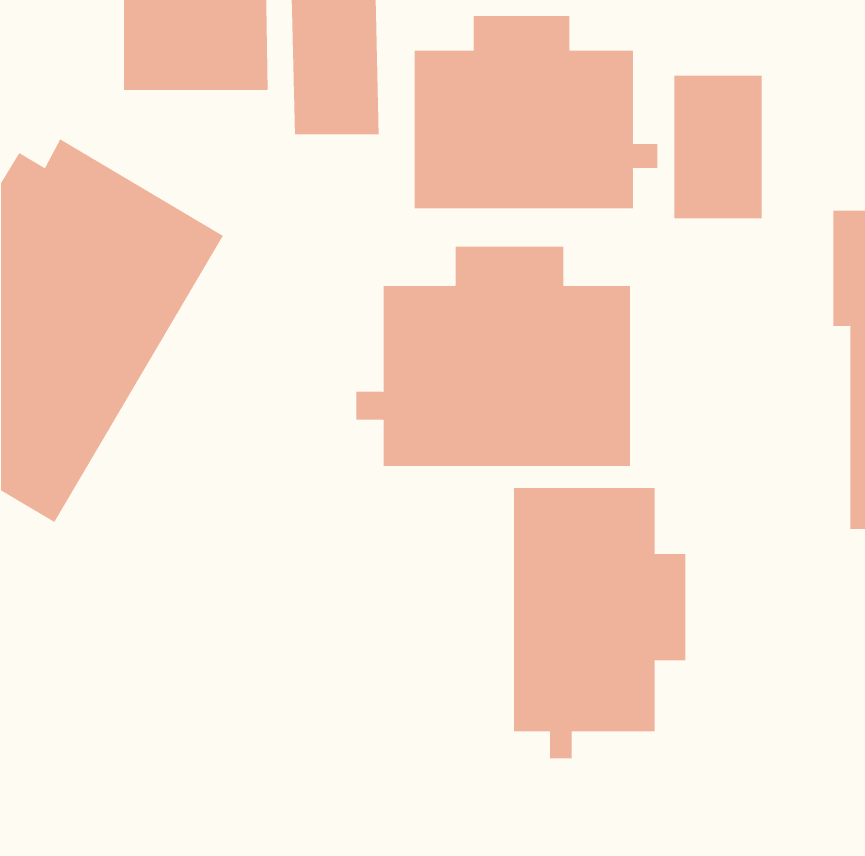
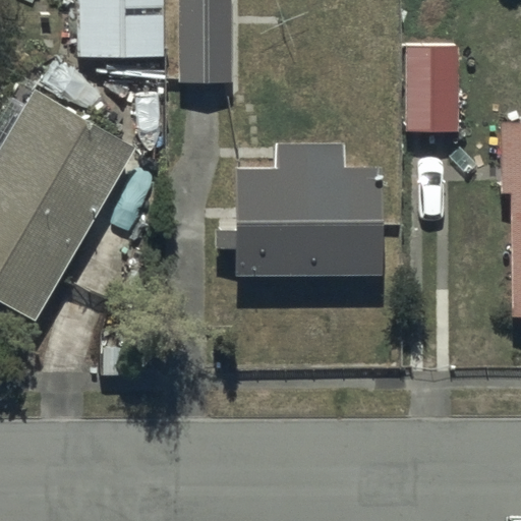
building: [414,15,658,209] -> none
building: [513,487,686,759] -> none

